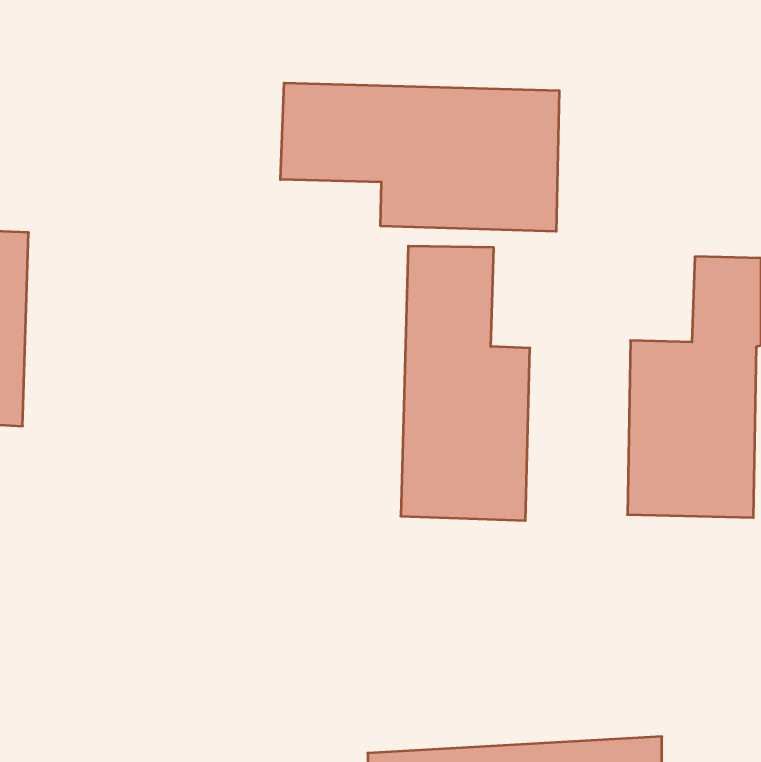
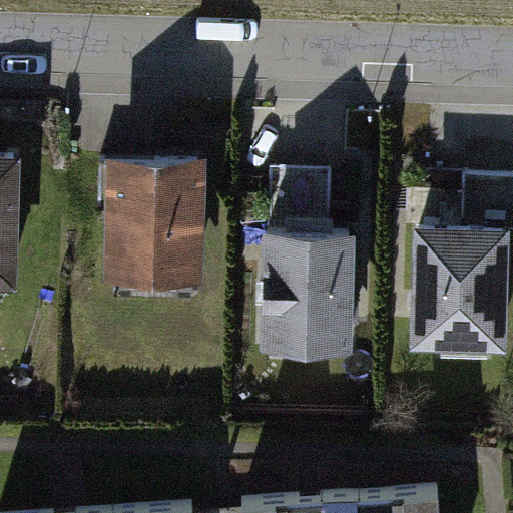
building: [280,83,559,231] -> none
building: none -> [101,162,201,280]

